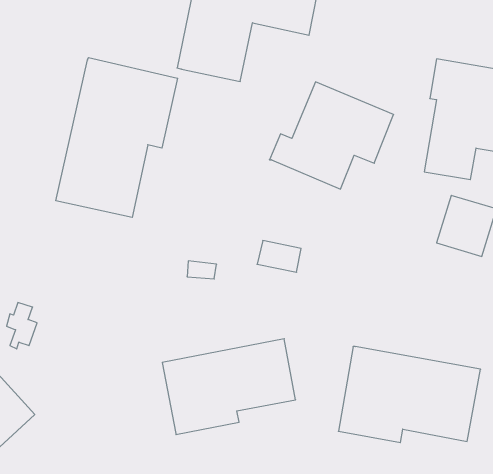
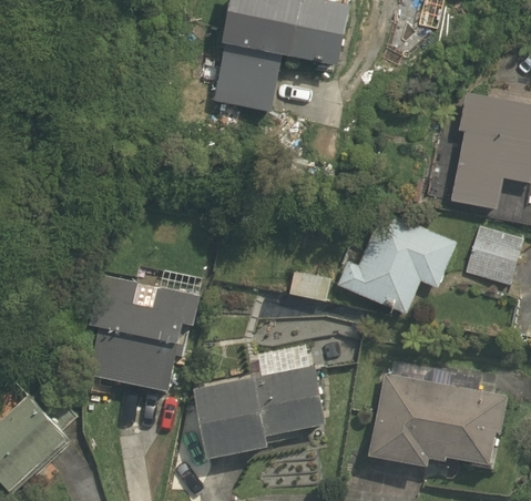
building: [56,58,178,217] -> none
building: [269,82,394,189] -> [336,209,458,315]
building: none -> [88,273,201,392]

